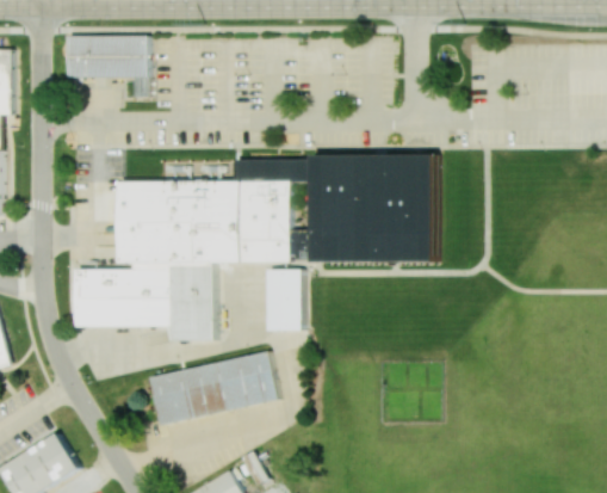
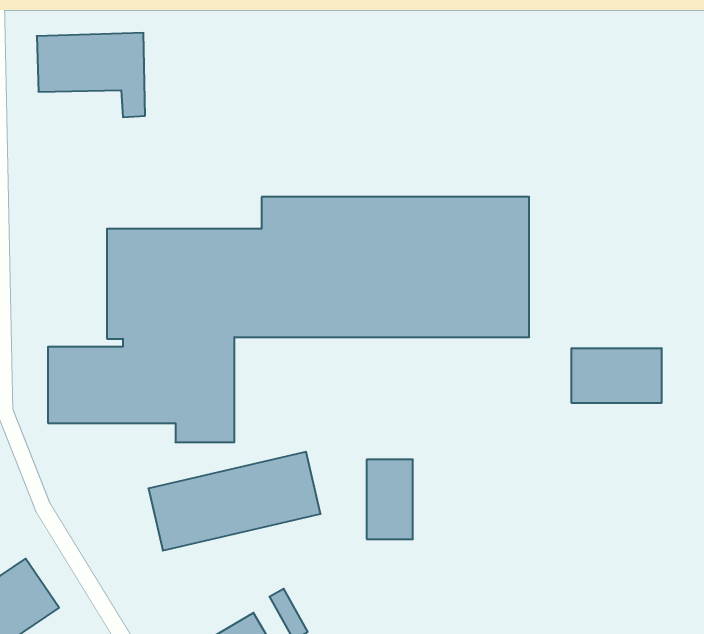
building: none -> [572,348,662,403]
building: [267,271,302,331] -> [367,460,413,539]

